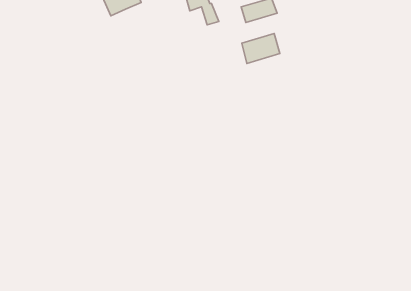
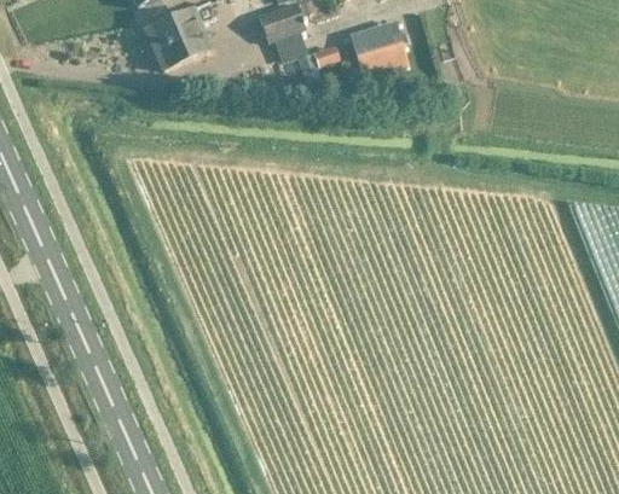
building: [242,33,280,64] -> none

